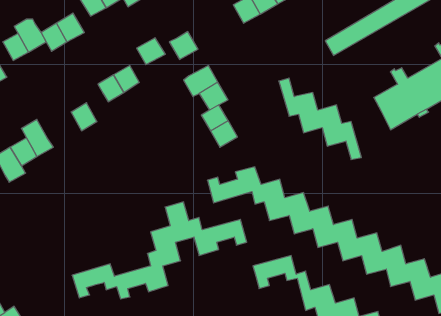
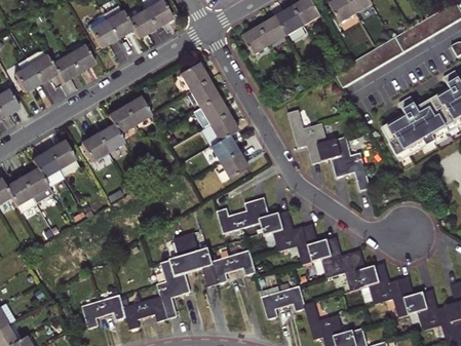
building: [137,38,165,65] -> [189,80,218,107]
building: none -> [97,124,123,152]
building: none -> [47,141,74,168]

